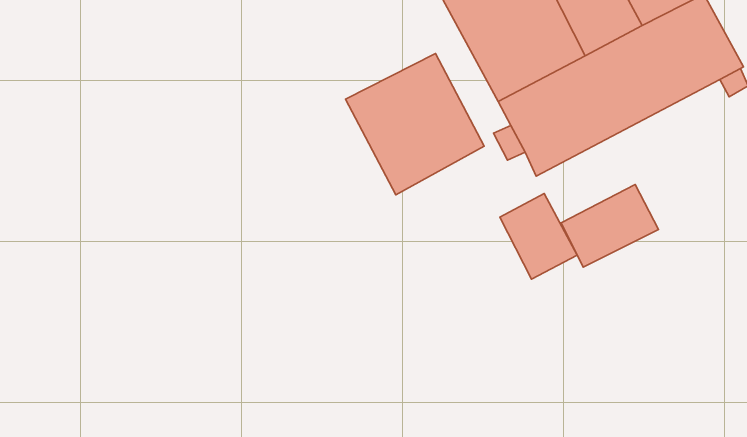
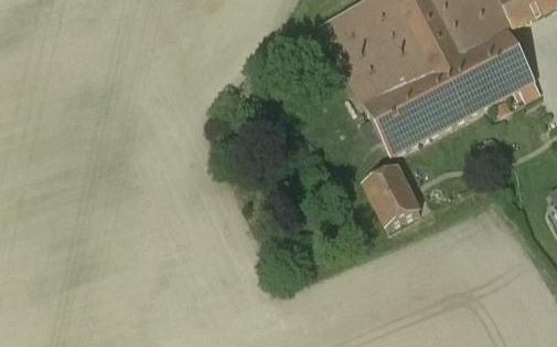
building: [346,54,484,195] -> none
building: [561,184,658,267] -> none

